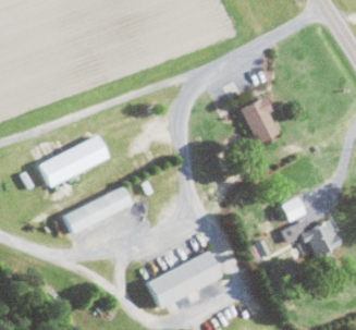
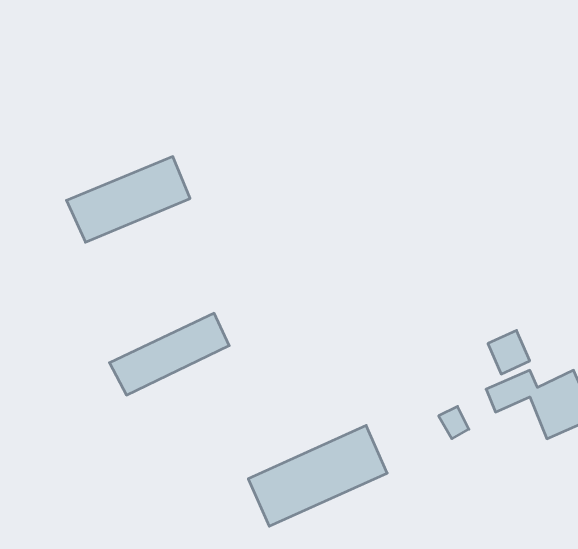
building: [240,96,280,145] -> none
building: [39,136,110,185] -> [66,157,190,242]

